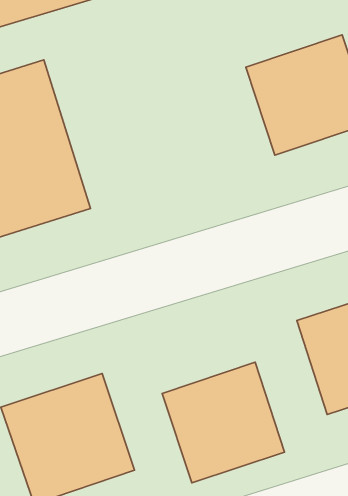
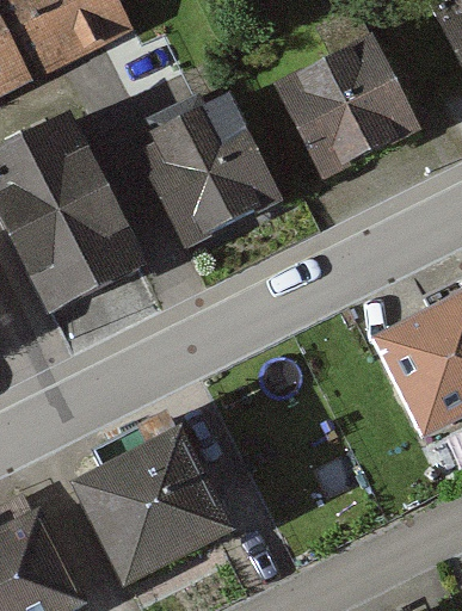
building: none -> [134,94,282,246]
building: [162,362,284,483] -> none

